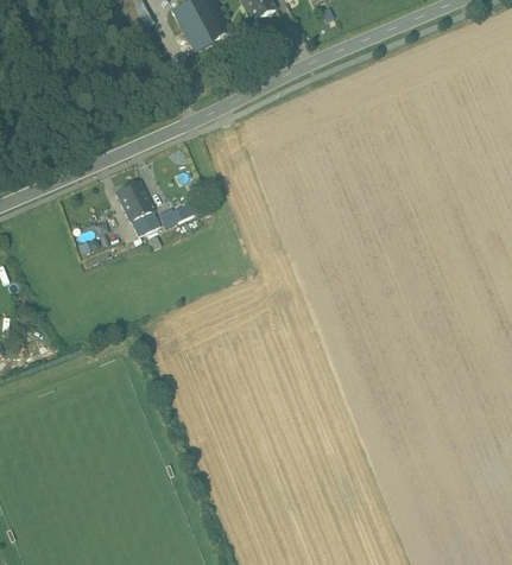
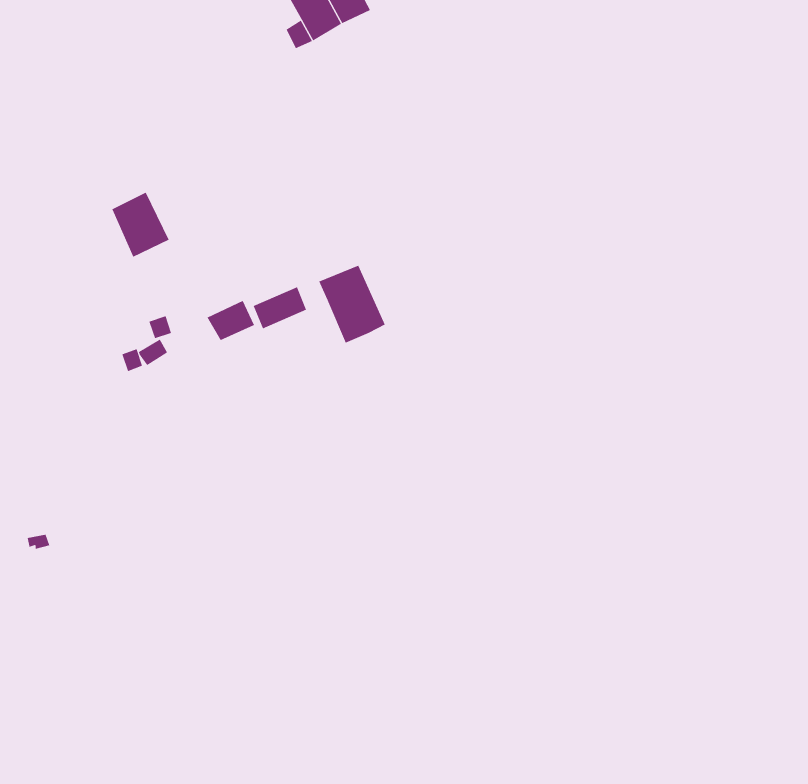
building: [116,180,152,221] -> [111,192,169,257]
building: none -> [318,265,386,344]

